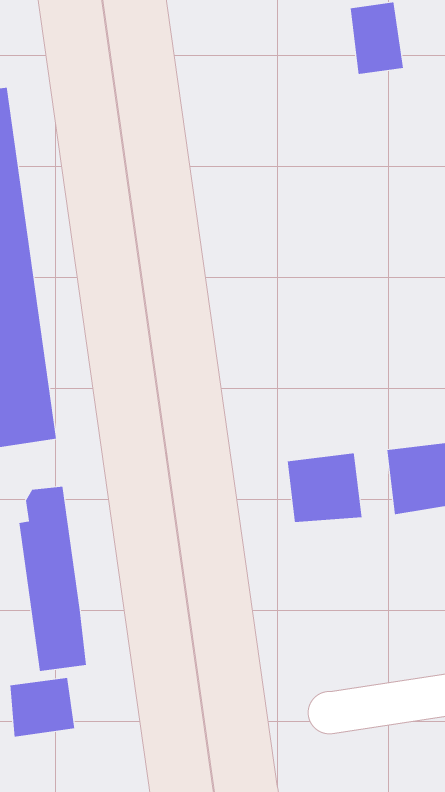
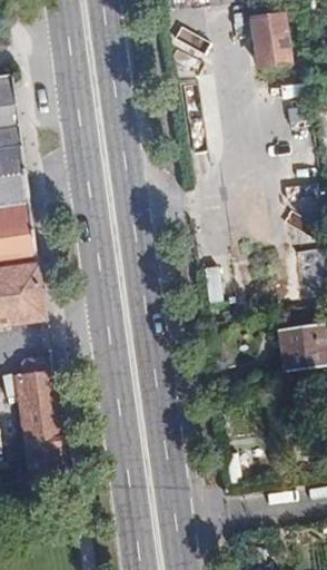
building: [287,452,362,523] -> none
building: [10,677,75,737] -> none

